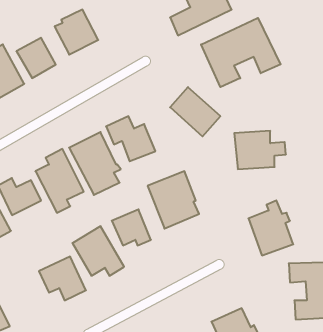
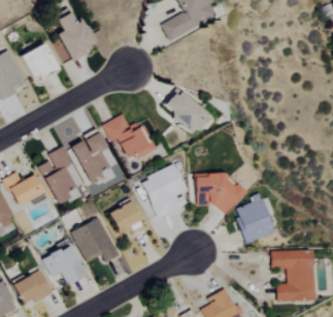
building: [201,18,281,87] -> none
building: [234,131,286,169] -> [195,172,242,208]
building: none -> [12,270,52,304]

